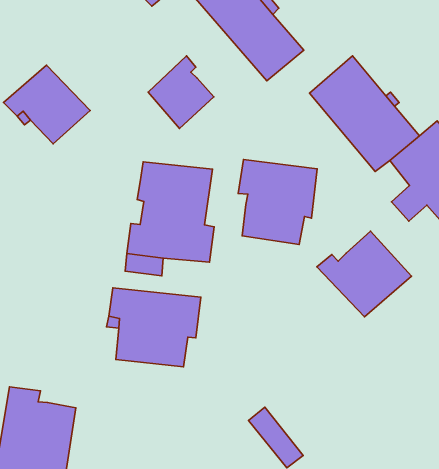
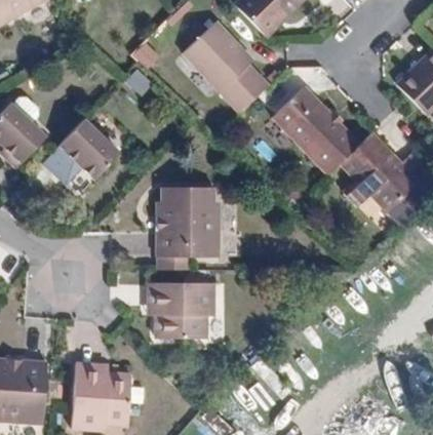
building: [148,56,214,128] -> none
building: [238,160,317,244] -> none
building: [317,231,412,317] -> none

